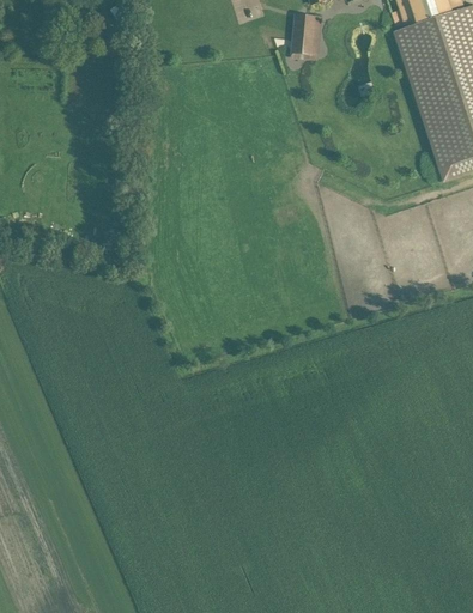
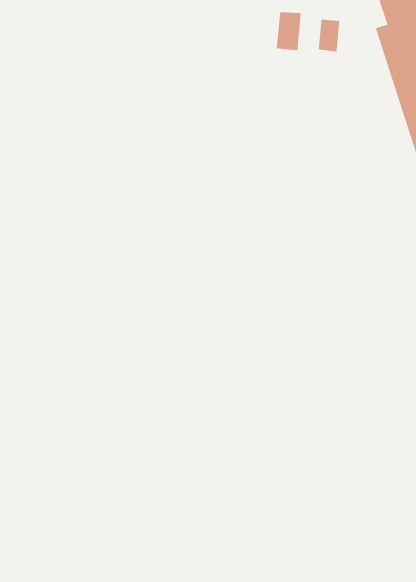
building: none -> [318,19,340,52]

